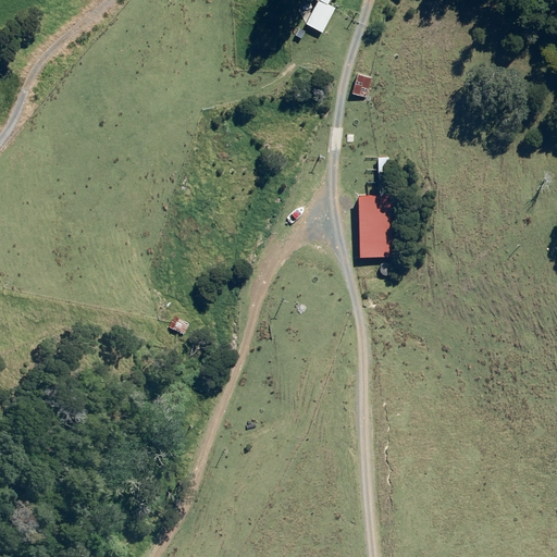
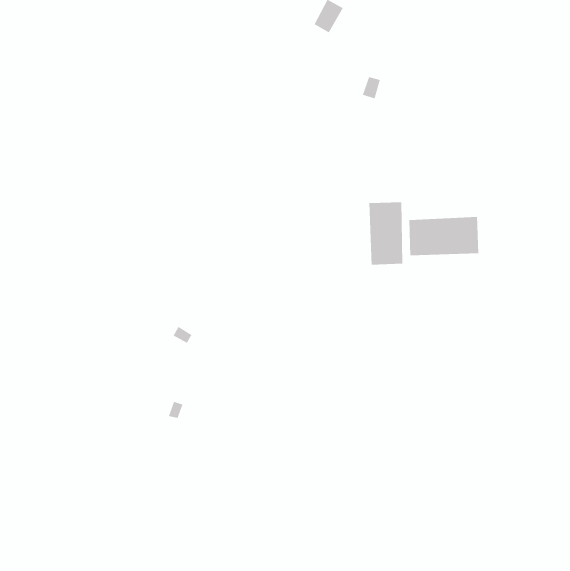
building: none -> [408,216,479,256]

